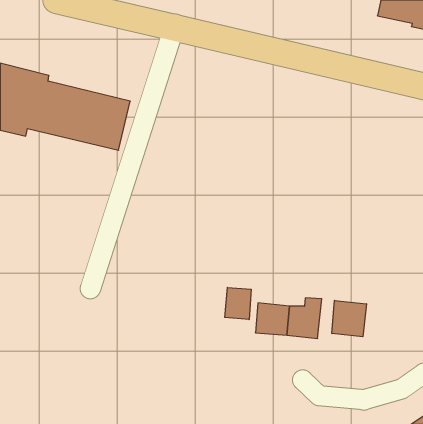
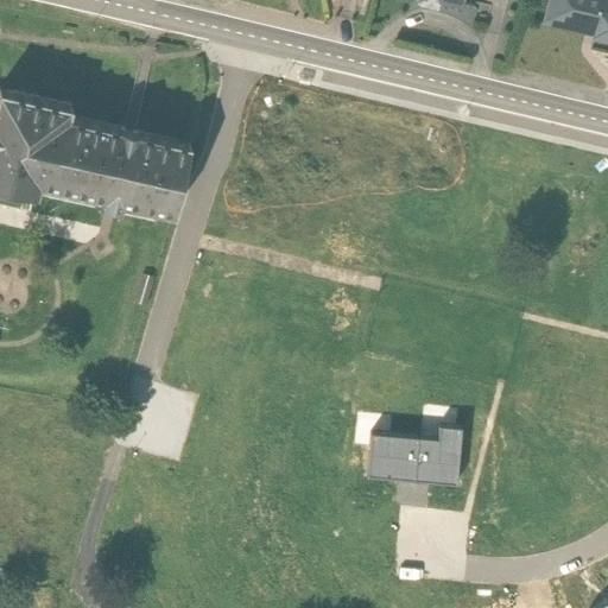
building: [225,287,251,320] -> none
building: [332,300,366,337] -> none

